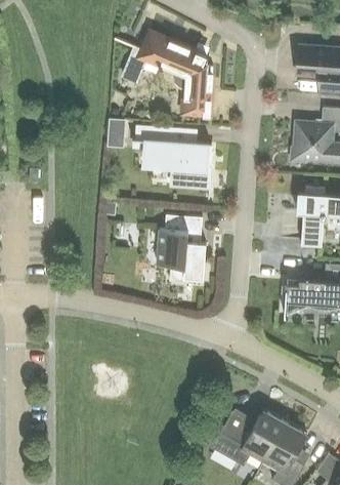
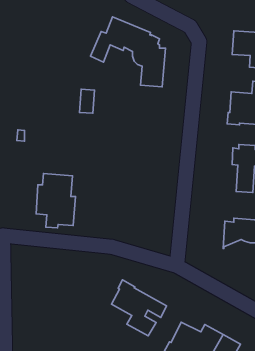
building: [132,127,211,190] -> none
building: [157,215,206,283] -> [36,173,76,228]
building: none -> [112,280,166,336]

